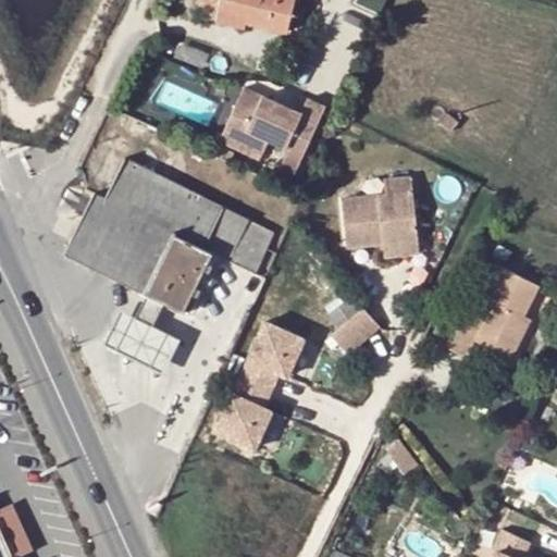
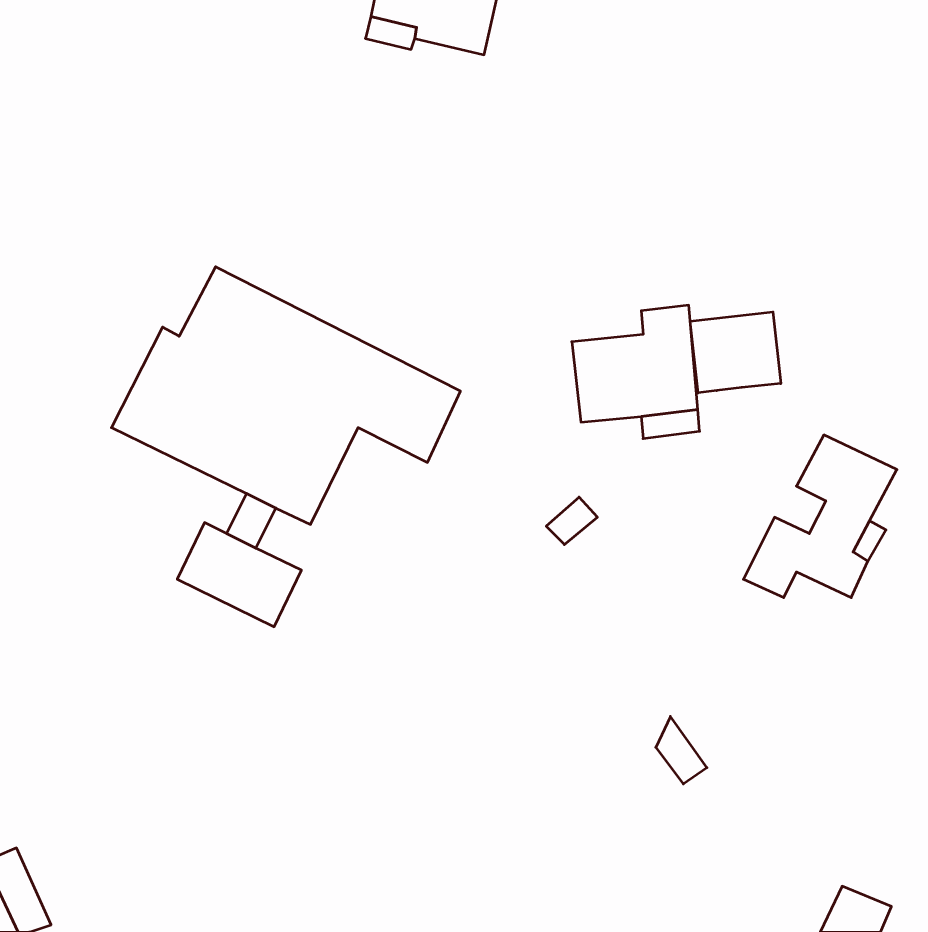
building: [222,90,329,176] -> none
building: none -> [690,312,781,393]
building: [331,310,379,359] -> none
building: [215,314,309,450] -> none

